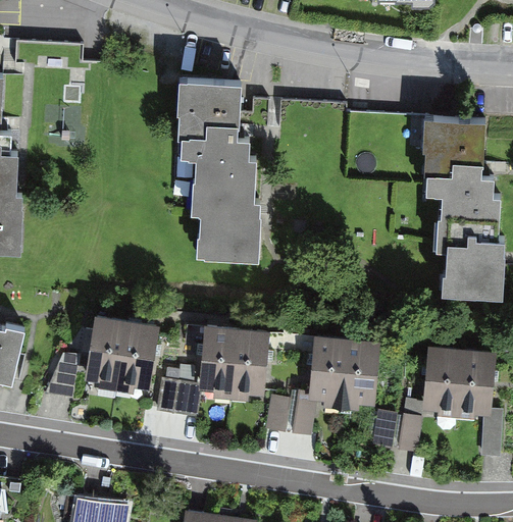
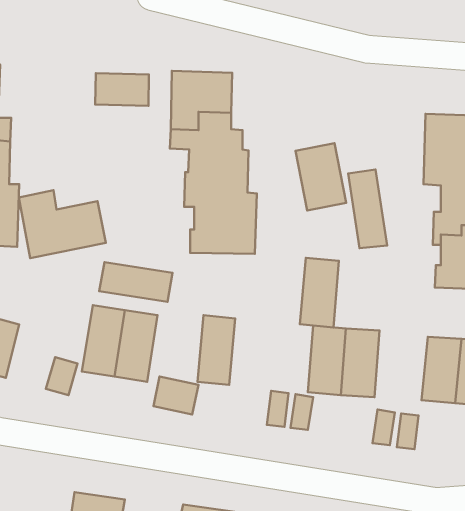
building: none -> [95,73,149,106]
building: none -> [295,143,346,211]
building: none -> [348,169,387,248]
building: none -> [19,190,106,258]
building: none -> [99,262,172,302]
building: [232,326,270,396] -> [300,258,339,327]

